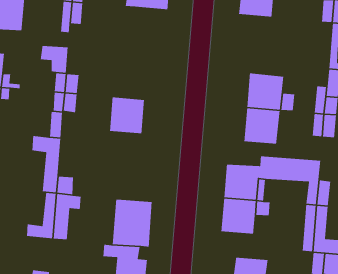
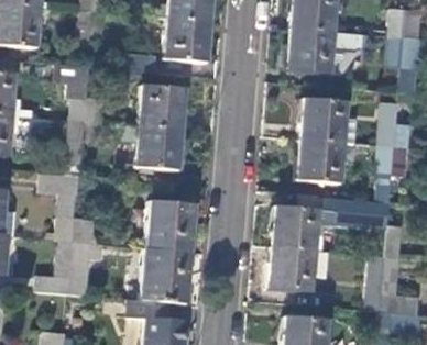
building: none -> [165,19,208,62]
building: none -> [288,27,364,71]
building: none -> [141,85,184,129]
building: none -> [147,199,194,251]

